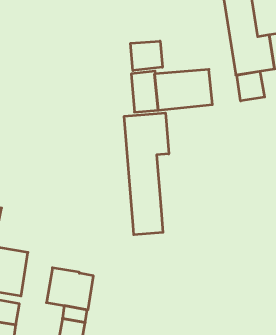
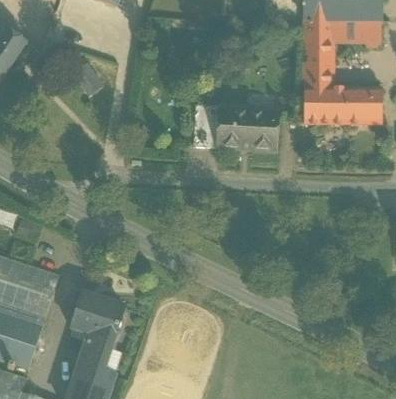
building: [131,41,162,71] -> none
building: [237,71,265,101] -> none
building: [124,113,169,235] -> none

